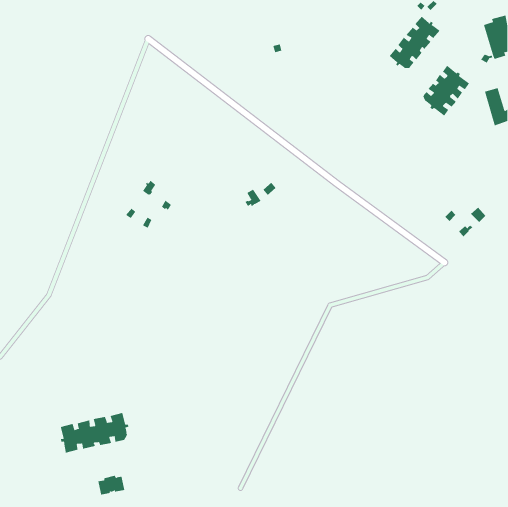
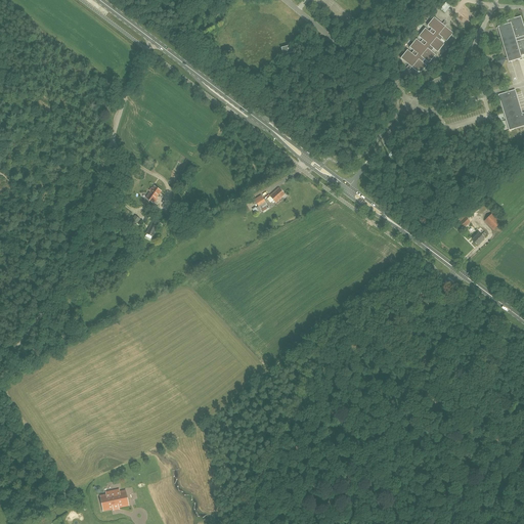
building: [423,65,470,117] -> none
building: [60,412,129,453] -> none

